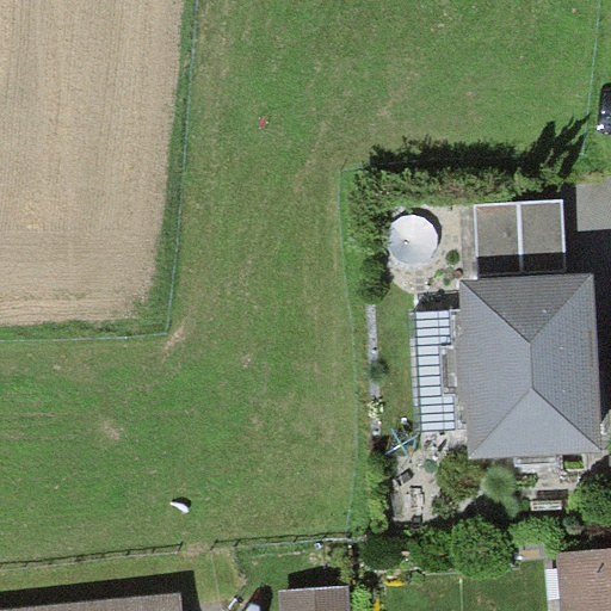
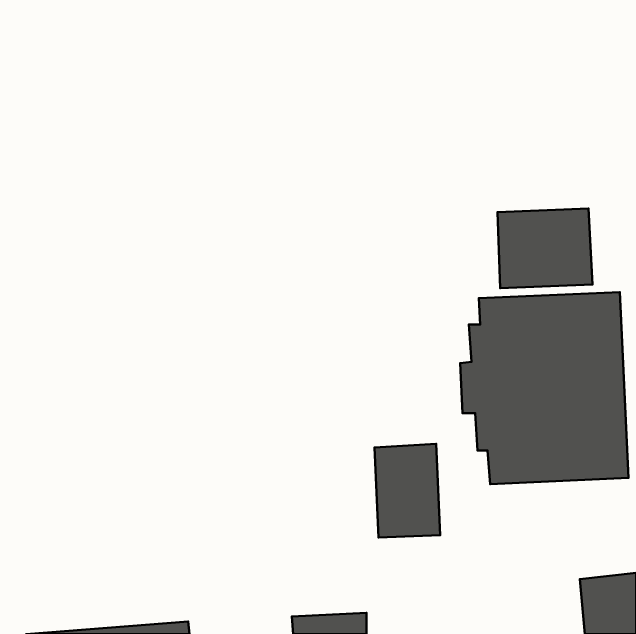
building: none -> [375,444,440,537]

